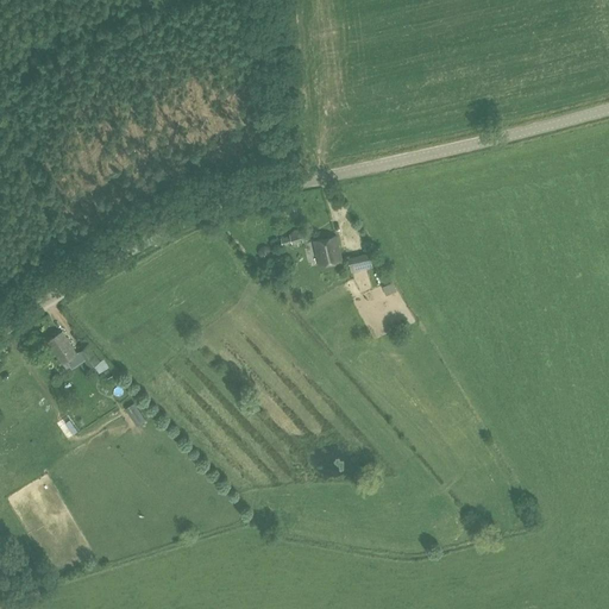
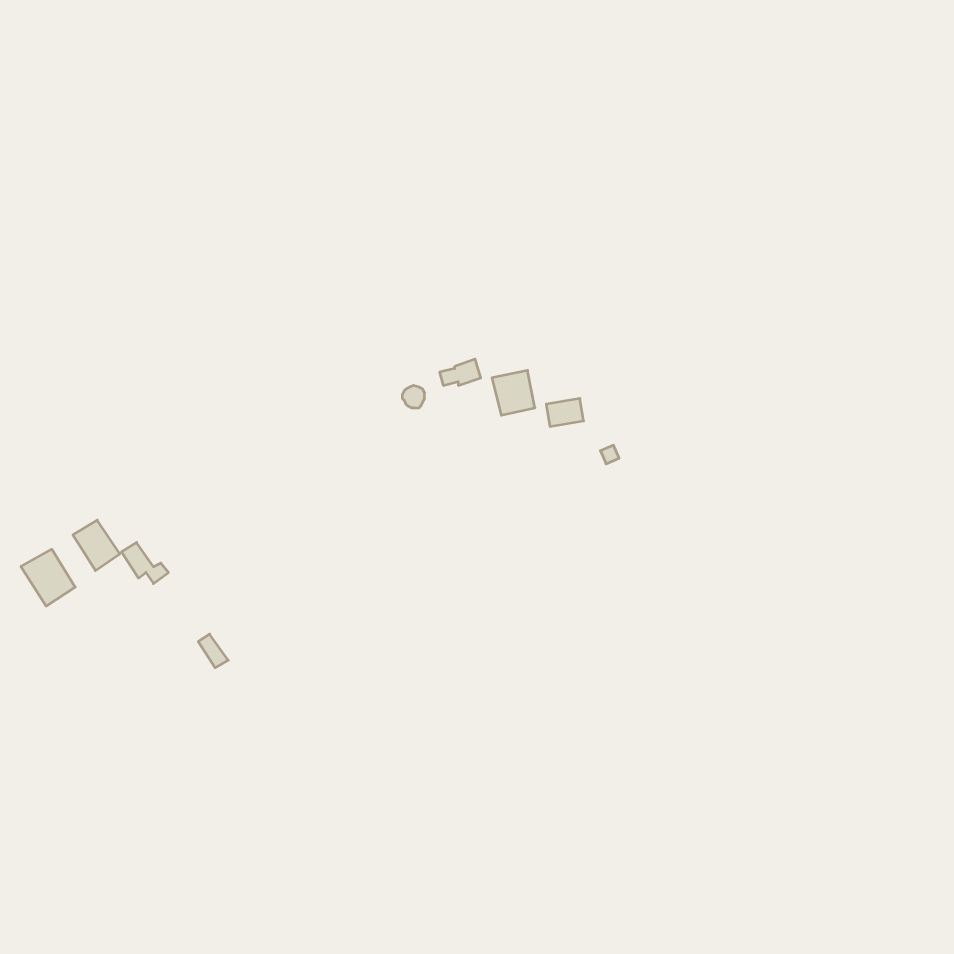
building: none -> [21,549,75,606]

